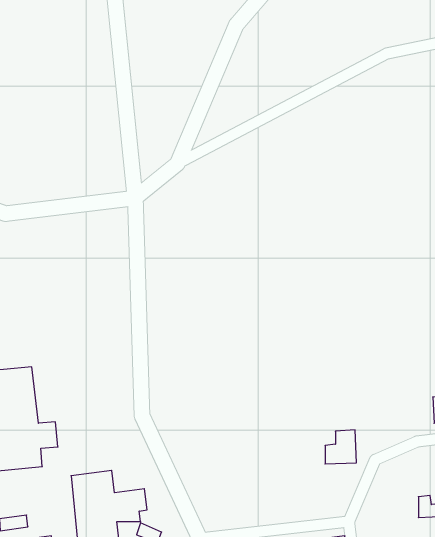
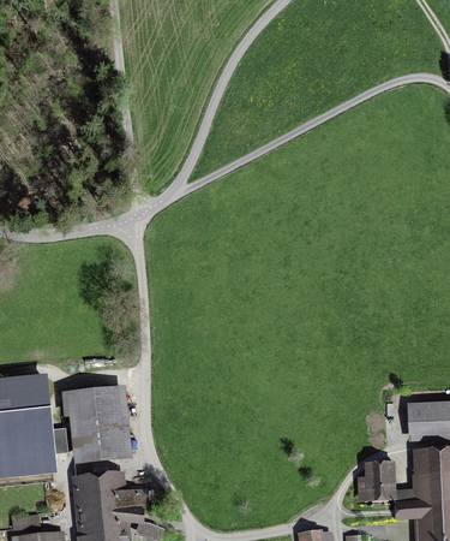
building: none -> [64,391,118,456]
building: [325,430,356,464] -> [361,464,390,495]

